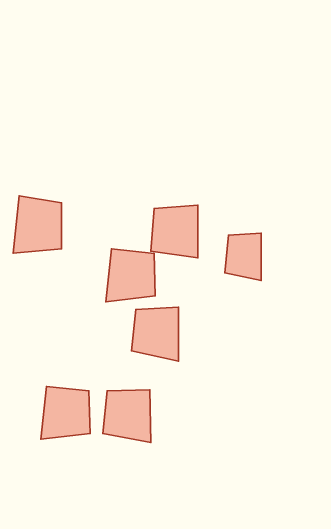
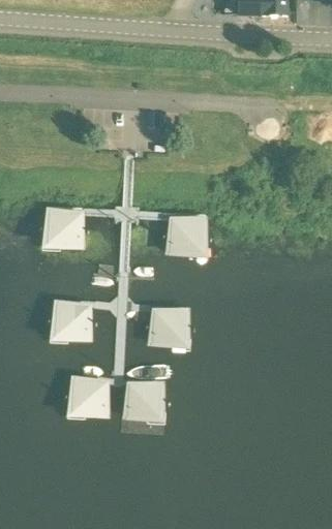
building: [225,233,261,280] -> none
building: [106,249,155,302] -> [48,301,92,348]

